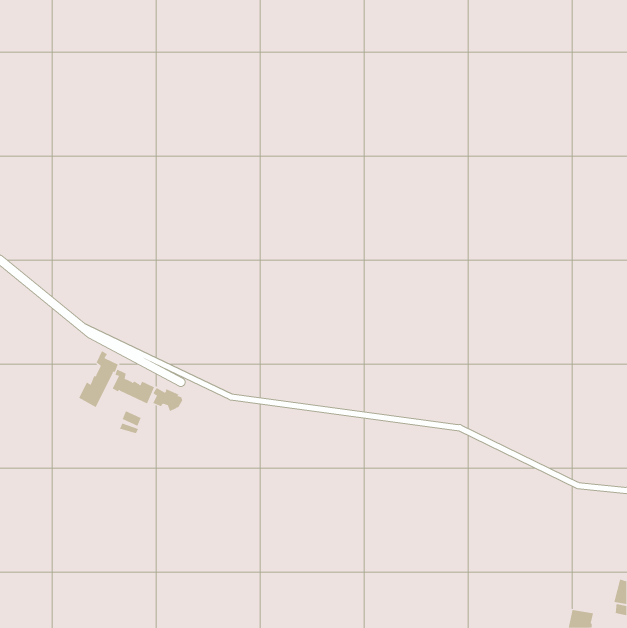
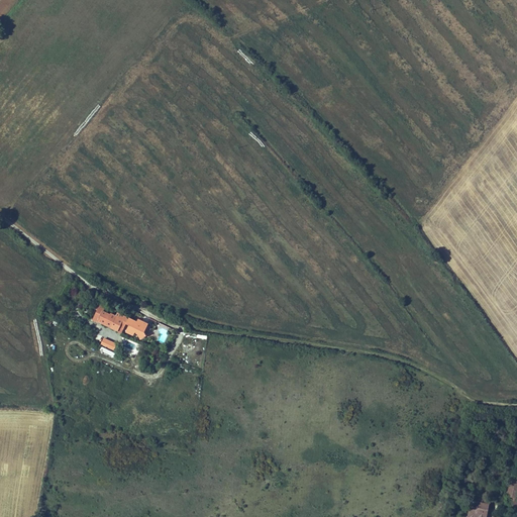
building: [78,350,119,408] -> none

